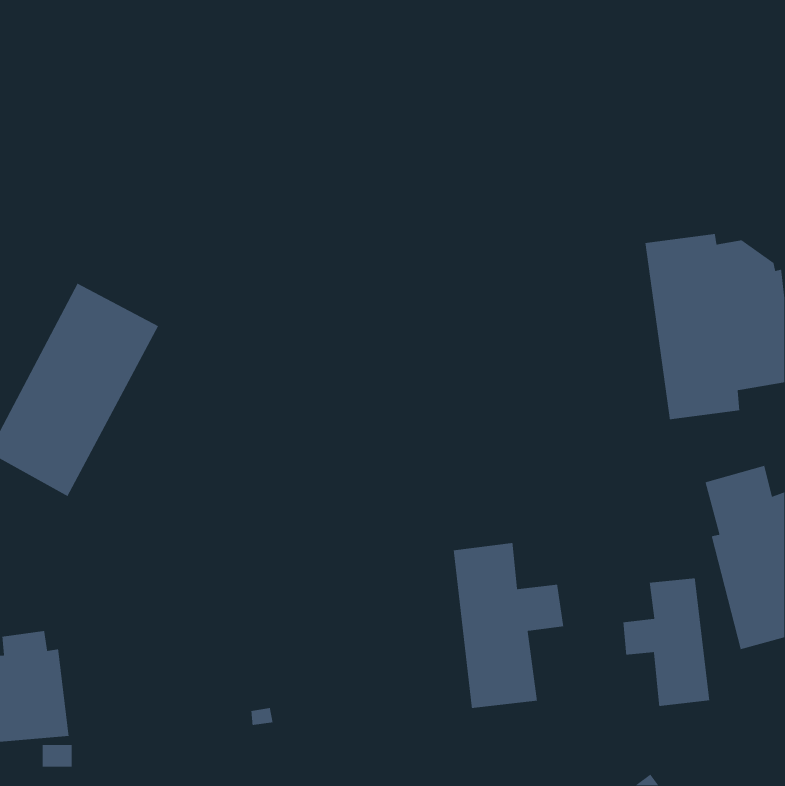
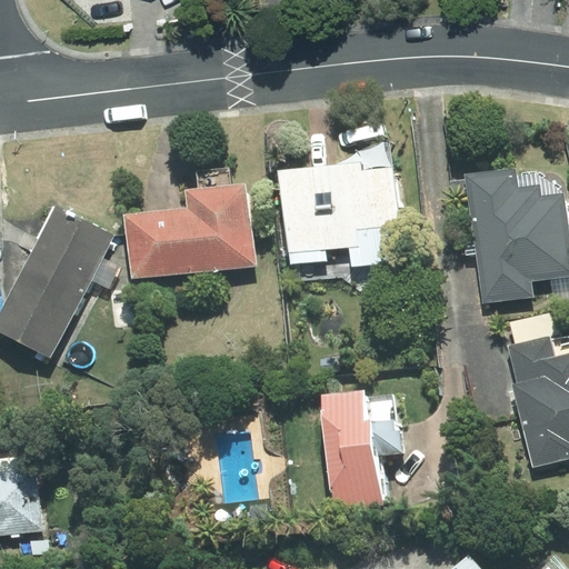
building: none -> [279,164,399,268]
building: none -> [123,182,257,279]
building: [623,577,710,707] -> none

